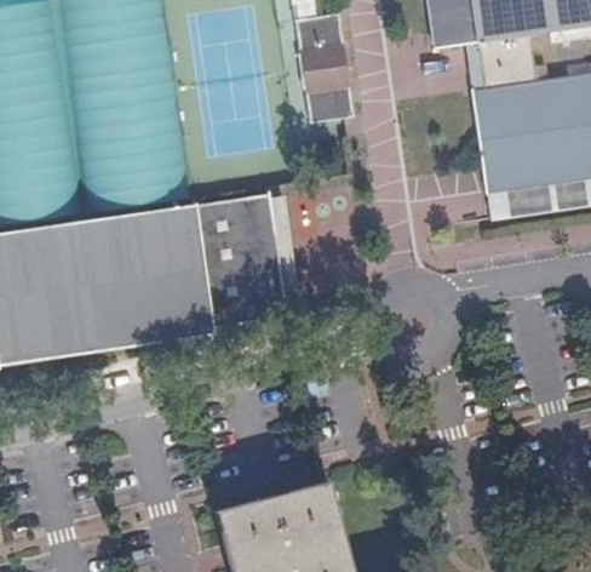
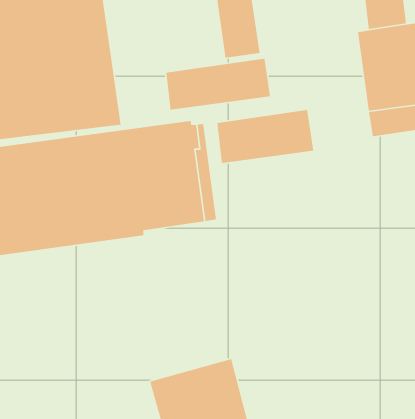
building: none -> [165,58,271,110]
building: none -> [217,109,314,164]

